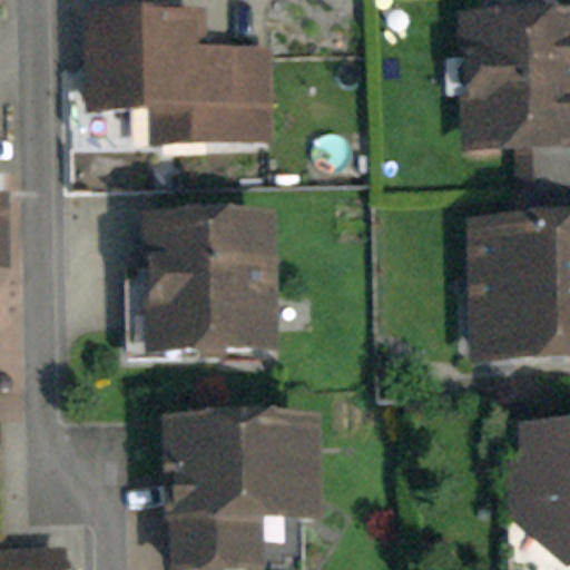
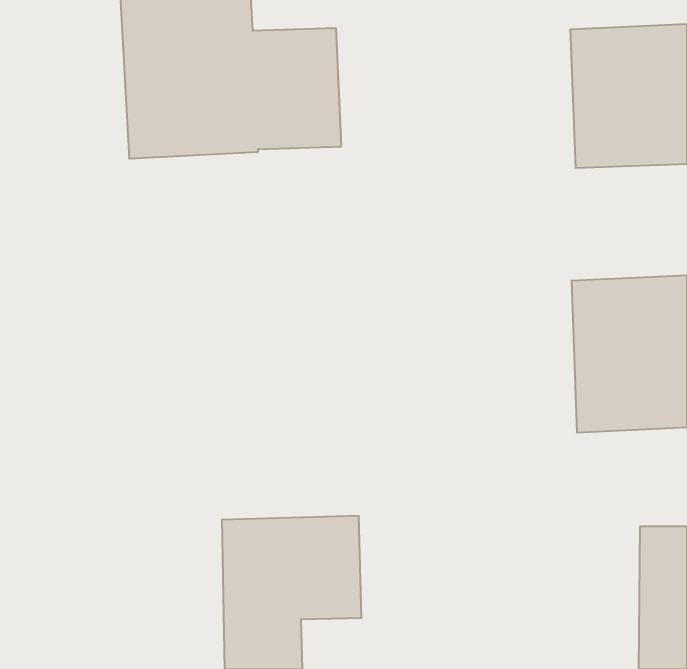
building: [146,222,269,353] -> none

